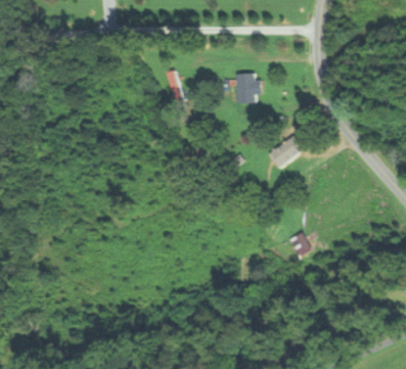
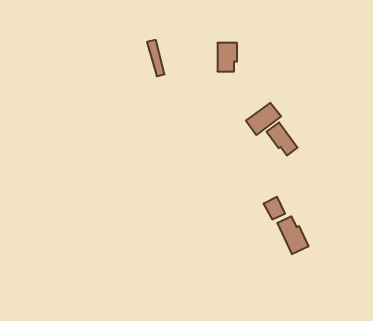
building: none -> [267,122,298,156]
building: none -> [277,216,308,254]

